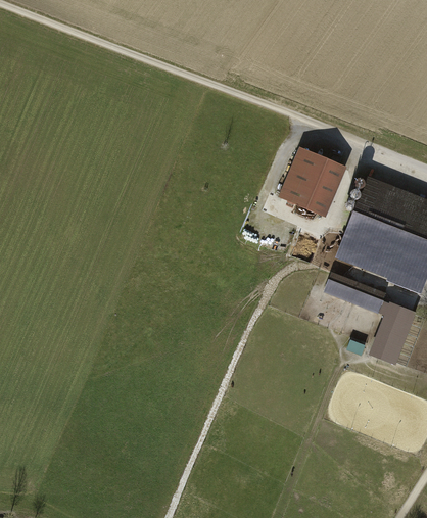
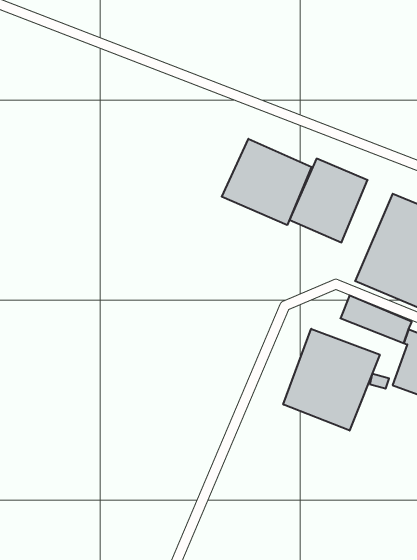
building: none -> [222,139,312,225]
building: none -> [283,329,380,431]

